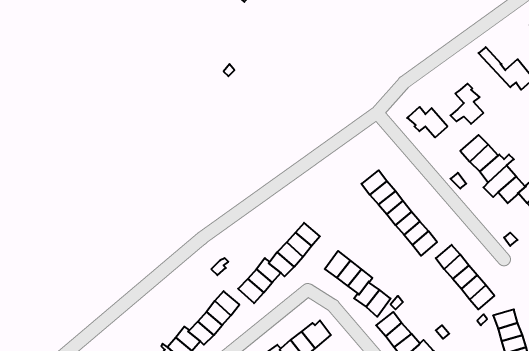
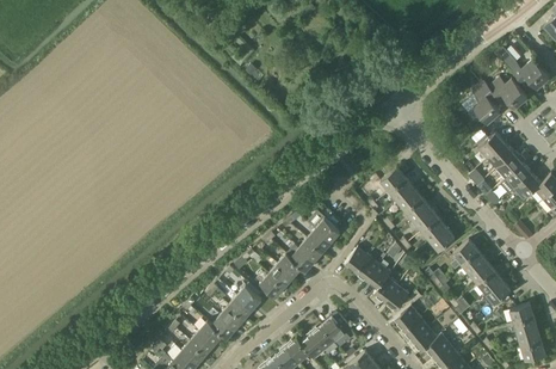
building: [407,107,447,137] -> [488,78,527,107]

